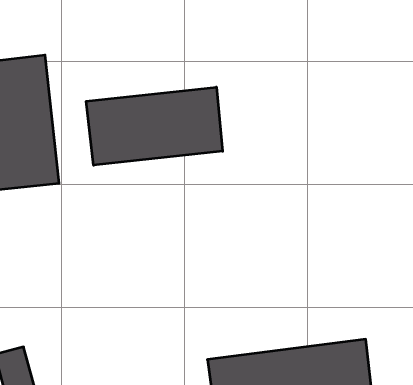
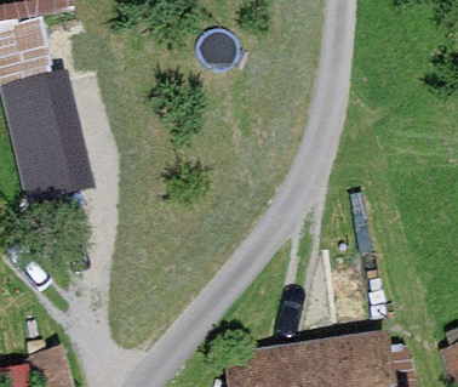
building: [86,87,223,165] -> none

